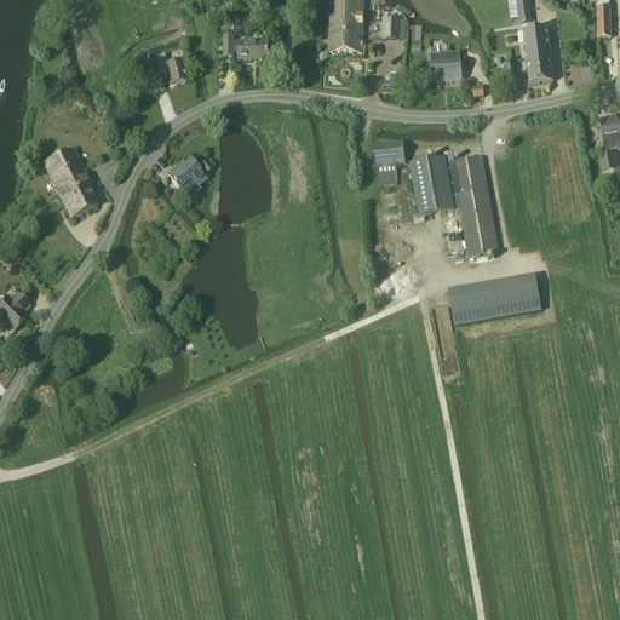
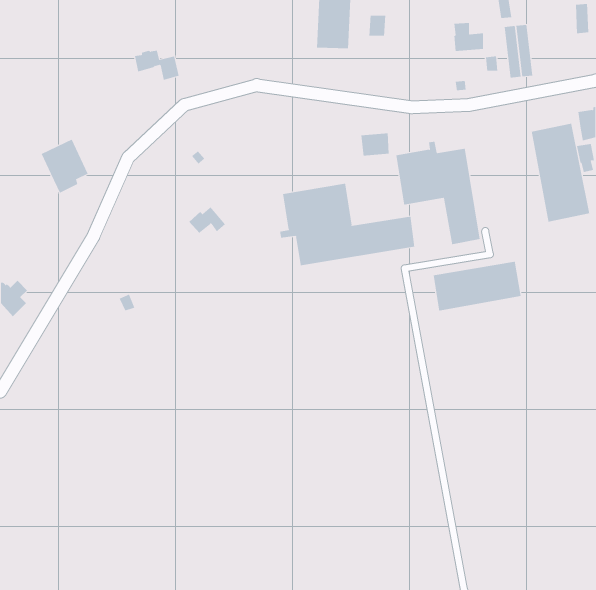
building: [223,33,269,57] -> none
building: [430,50,461,80] -> [454,22,484,52]
building: none -> [531,123,590,223]
building: [167,157,206,185] -> [189,207,226,233]
building: [62,180,97,217] -> none
building: none -> [280,183,415,266]

